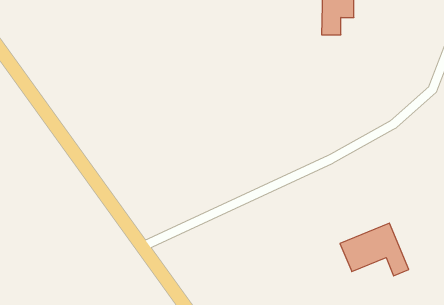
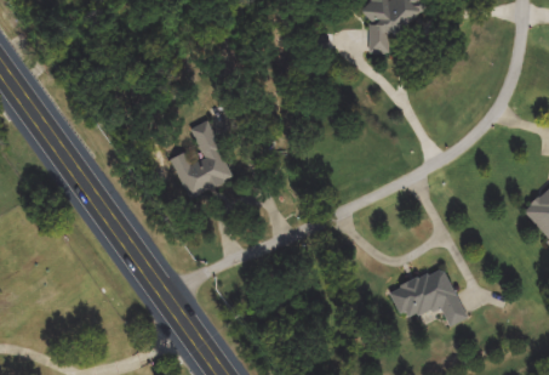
building: none -> [173,120,233,197]

